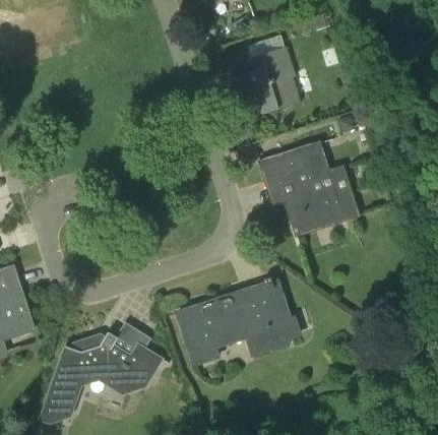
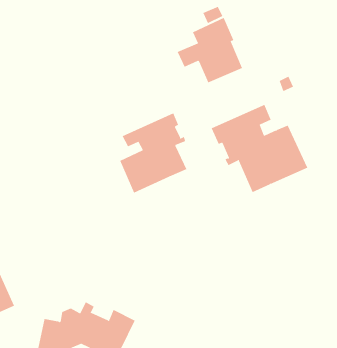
building: none -> [120,113,187,193]
building: [177,277,300,364] -> none

